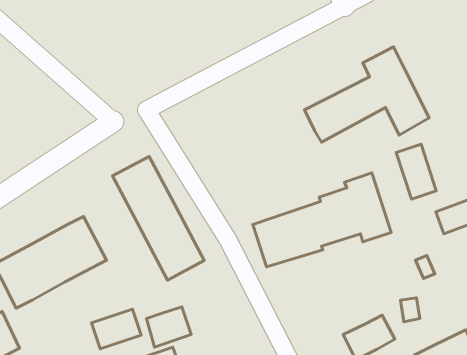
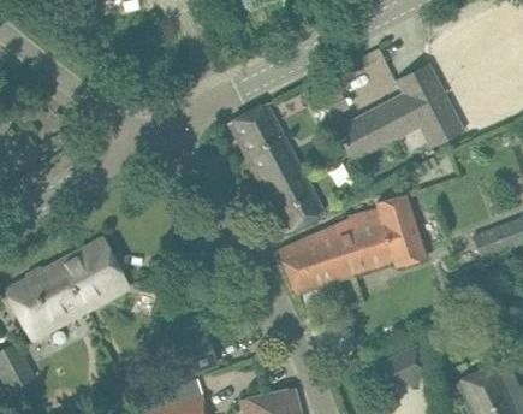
building: [396,144,436,199] -> none
building: [113,156,204,280] -> [227,102,323,232]
building: [92,309,141,349] -> none

